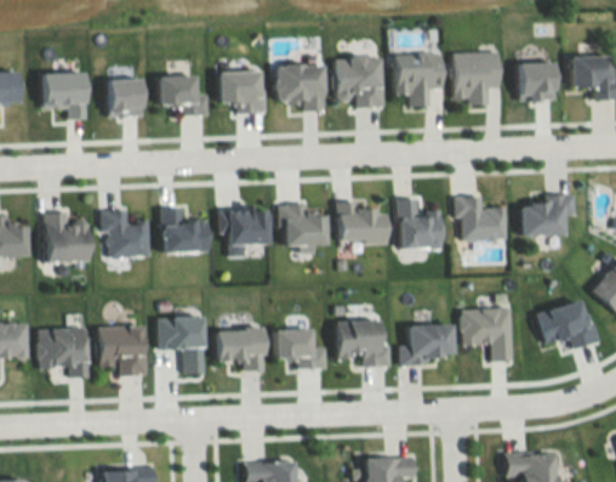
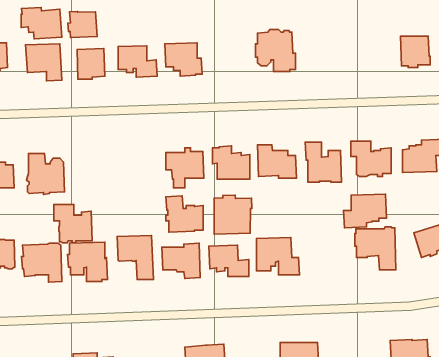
building: none -> [21,8,62,39]
building: none -> [68,11,97,37]
building: [454,51,501,106] -> none
building: [397,52,443,107] -> none
building: [275,63,326,112] -> none
building: [161,208,209,254] -> [166,196,203,232]
building: [103,210,152,259] -> [54,205,92,243]
building: none -> [214,195,252,234]
building: [399,324,454,367] -> [344,194,387,228]

